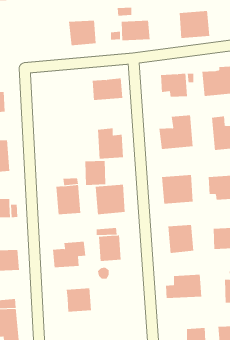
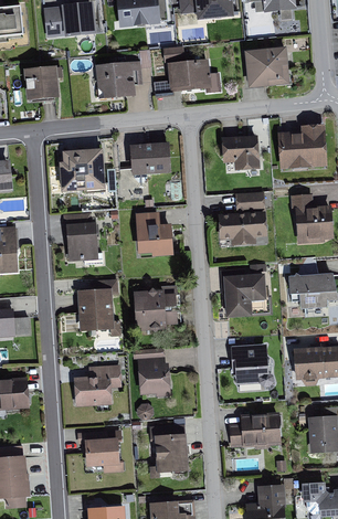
building: none -> [24,67,57,98]
building: none -> [68,145,113,186]
building: [85,160,106,185] -> [67,224,97,258]
building: none -> [158,427,193,464]

